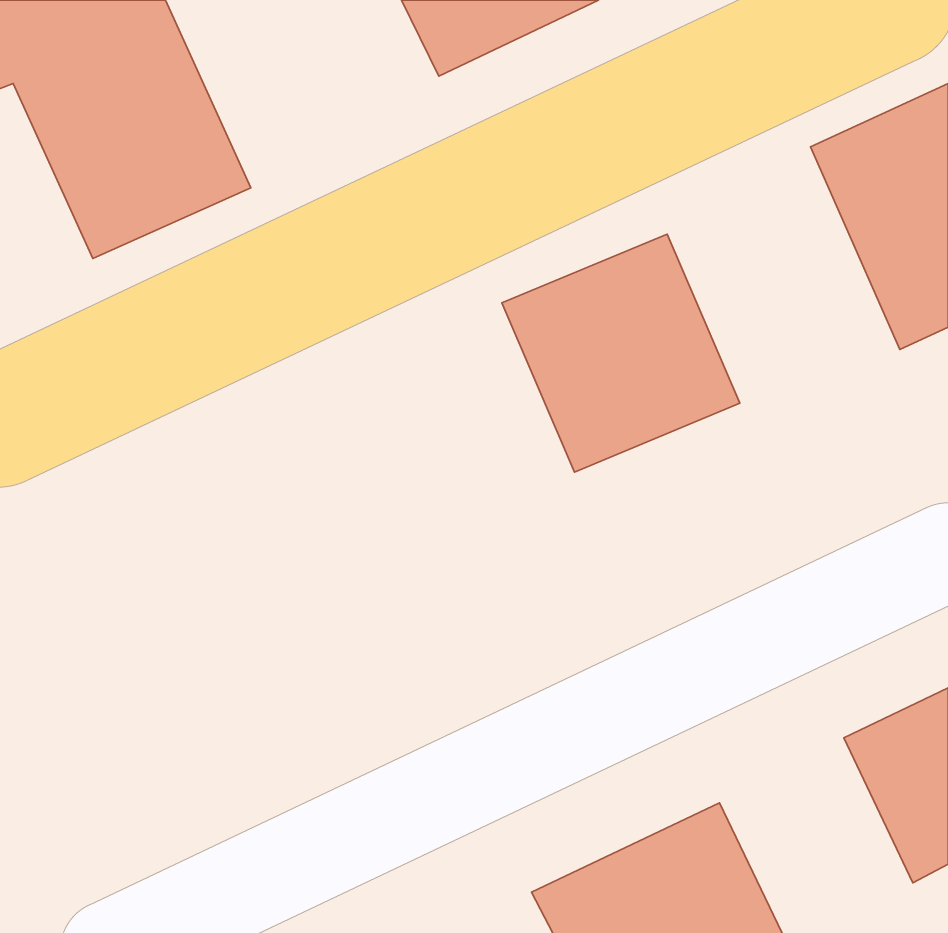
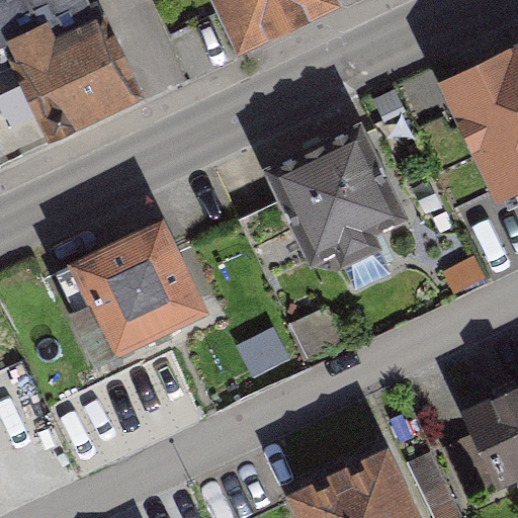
building: none -> [68,218,211,361]

